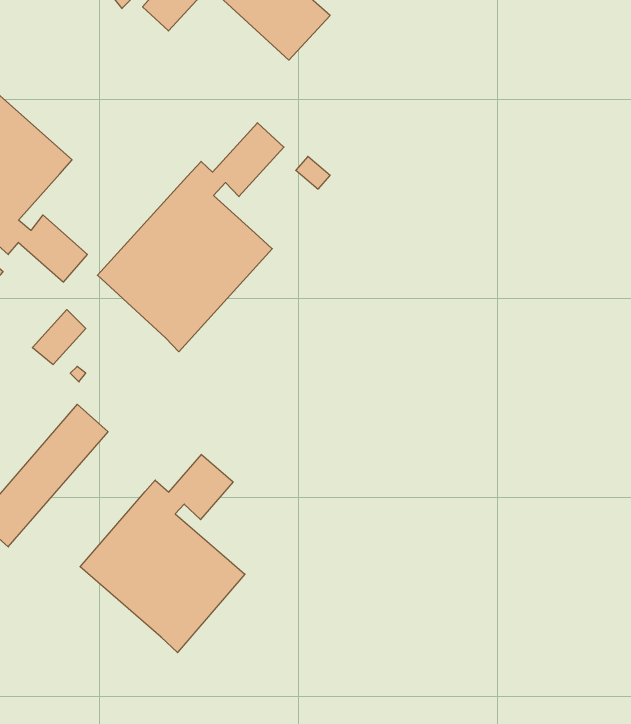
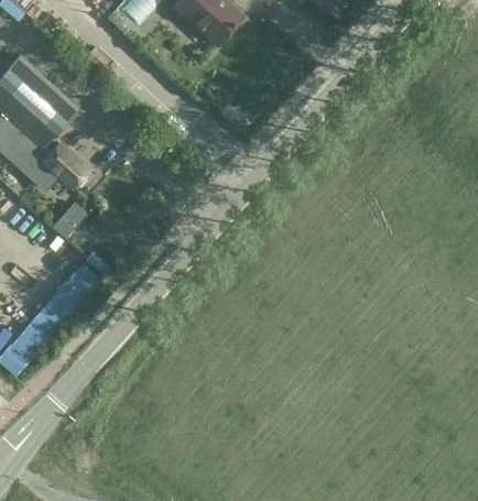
building: [97,123,284,352] -> none
building: [80,454,245,653] -> none

